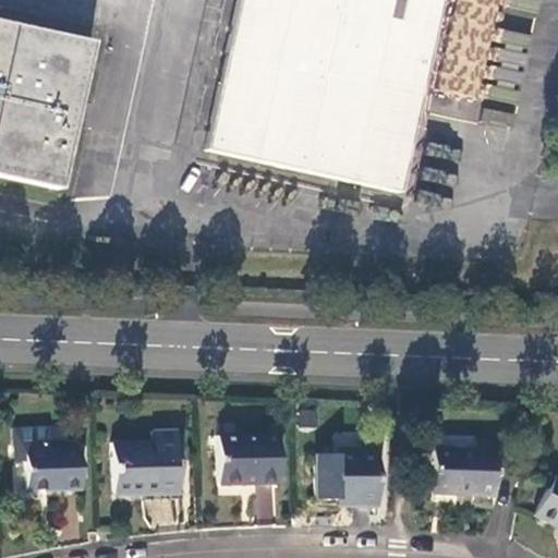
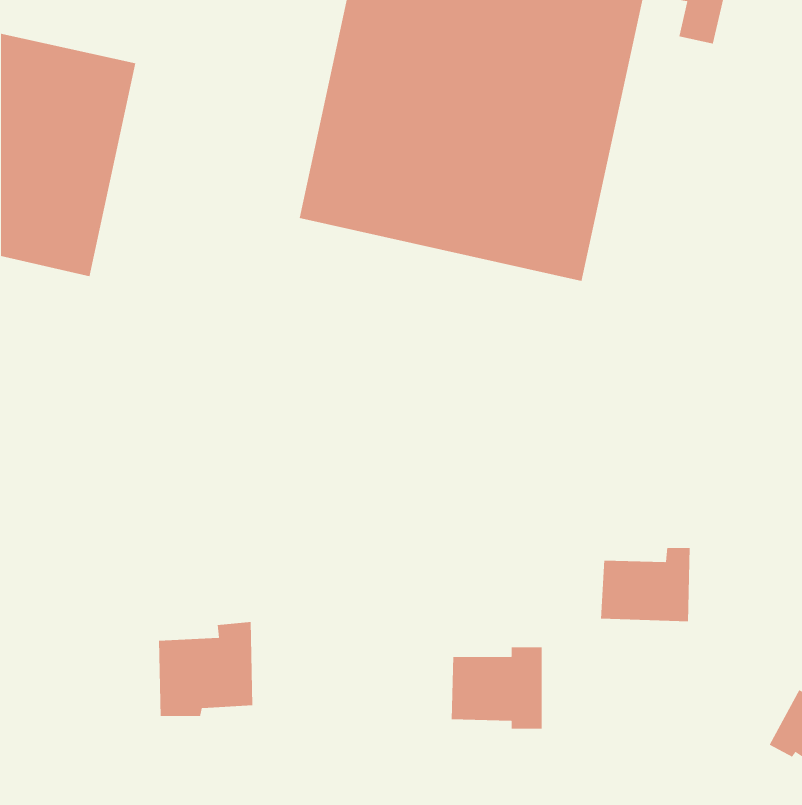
building: [15,425,83,489] -> none
building: [220,435,279,483] -> none
building: [435,438,497,489] -> [600,548,690,622]

